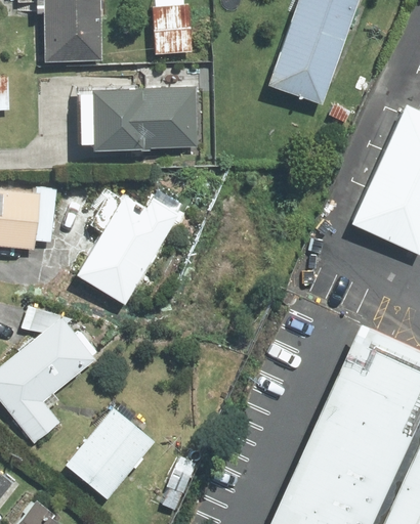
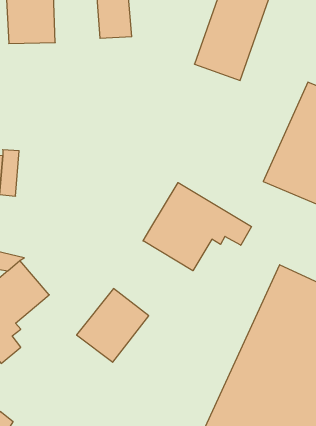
building: [76,89,197,150] -> none
building: [76,190,182,303] -> none
building: none -> [143,183,251,271]
building: [65,410,151,498] -> [77,289,149,362]

